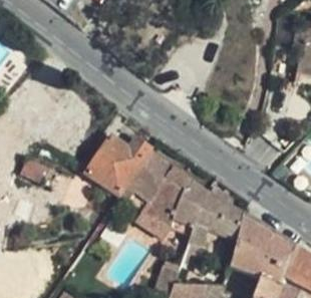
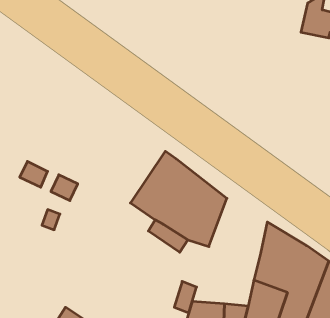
building: [86,134,151,195] -> none
building: [186,191,243,255] -> none

